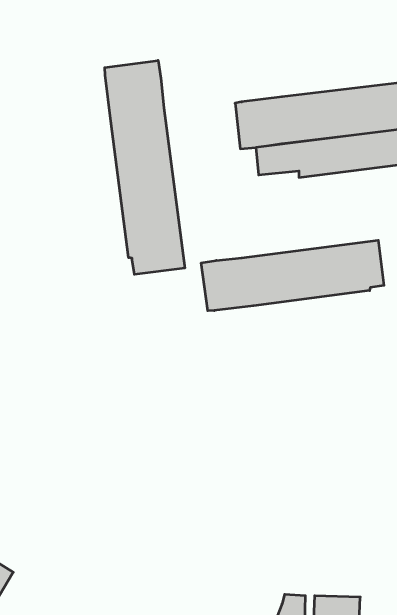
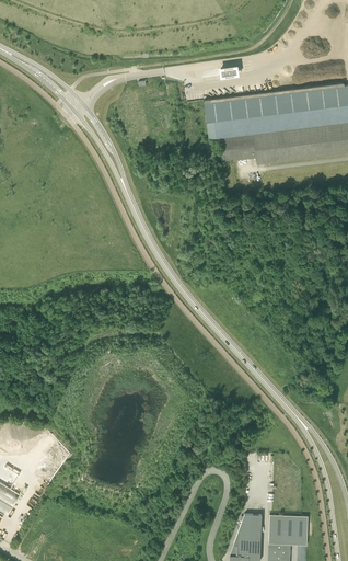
building: [105,60,185,274] -> none
building: [201,240,384,311] -> none

